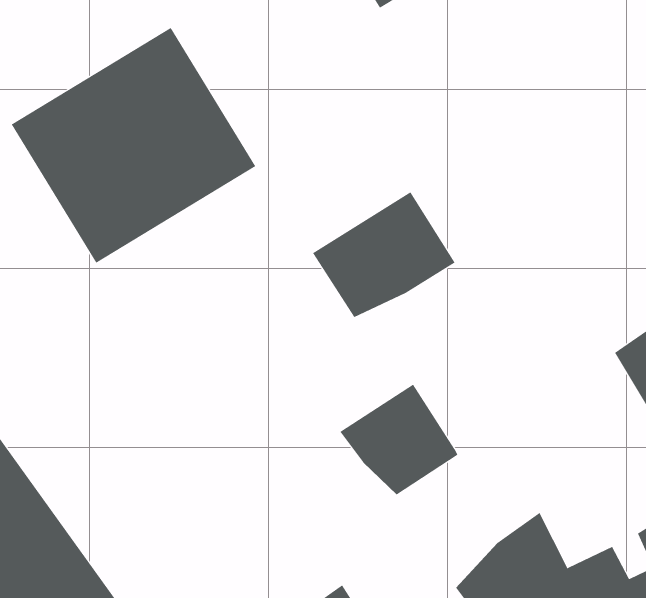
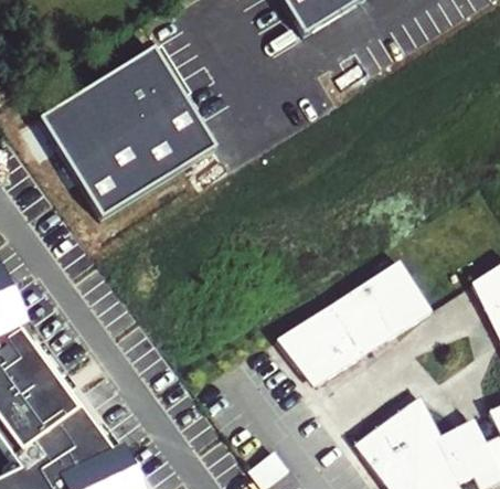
building: [312,191,456,318] -> [329,259,432,350]

